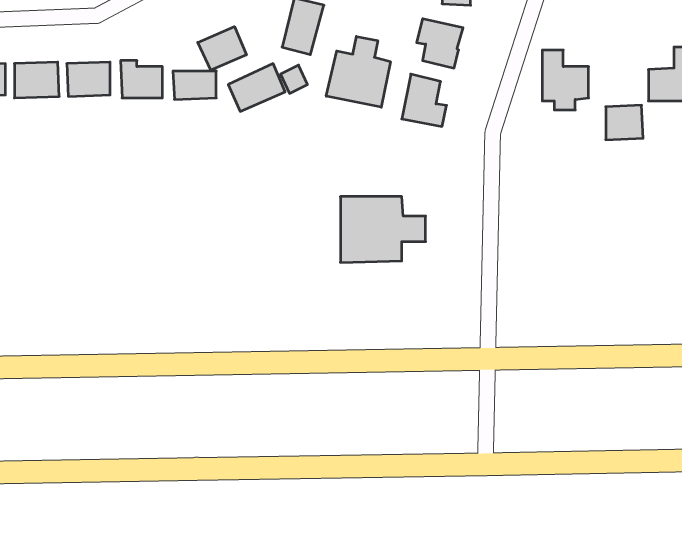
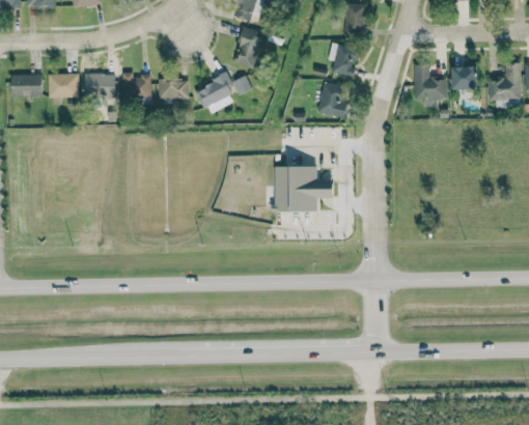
building: [198,27,246,70] -> none
building: [326,36,390,107] -> none
building: [606,105,643,140] -> [452,66,478,90]

